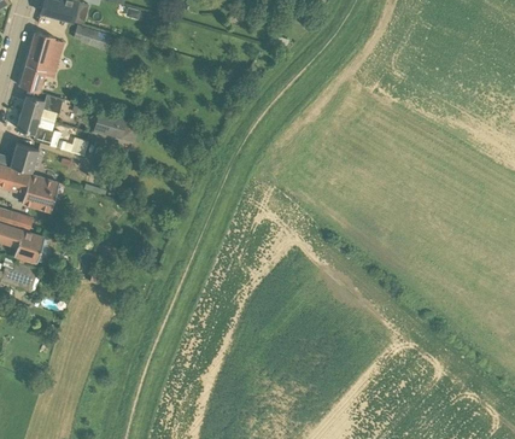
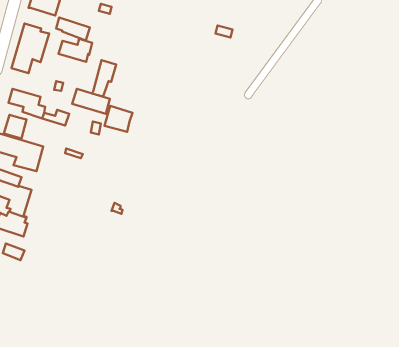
building: none -> [92,60,116,97]
building: [21,93,62,121] -> [59,39,92,62]
building: none -> [104,106,132,132]

